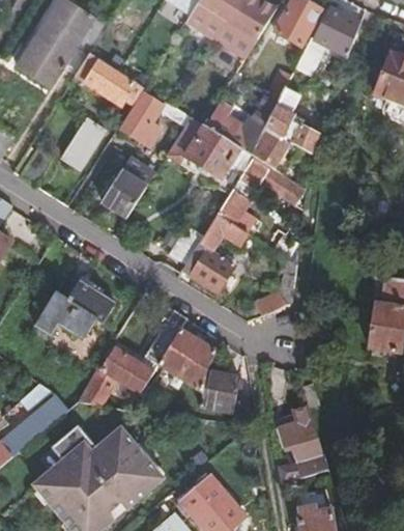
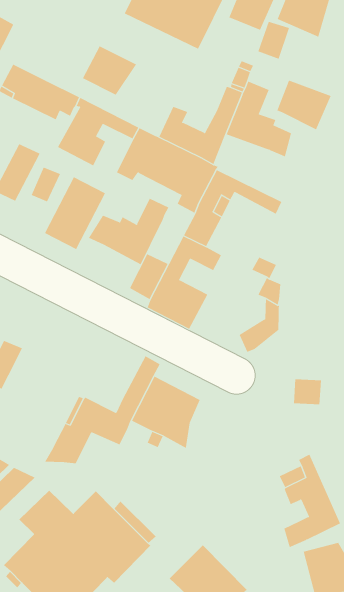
building: none -> [82,45,137,96]
building: [249,131,296,175] -> [276,80,332,130]
building: none -> [88,198,169,265]
building: [60,277,117,333] -> none
building: [202,371,239,412] -> none

